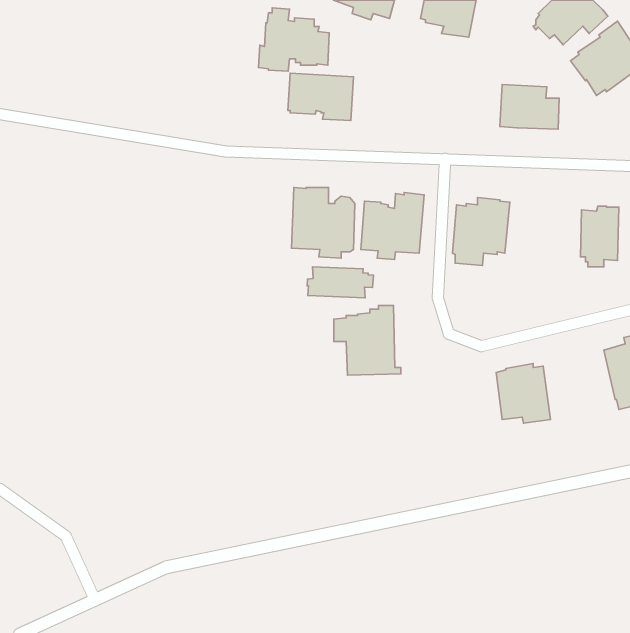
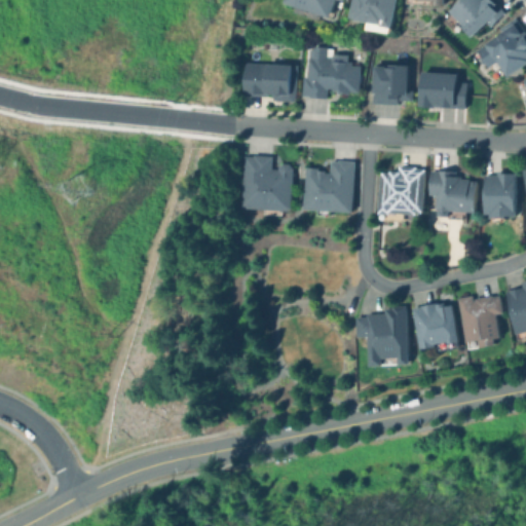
building: [258,8,329,71] -> [298,46,356,99]
building: none -> [373,63,414,104]
building: none -> [428,168,477,218]
building: [307,267,373,298] -> none
building: [334,306,401,375] -> [356,307,412,365]
building: none -> [456,295,500,347]

